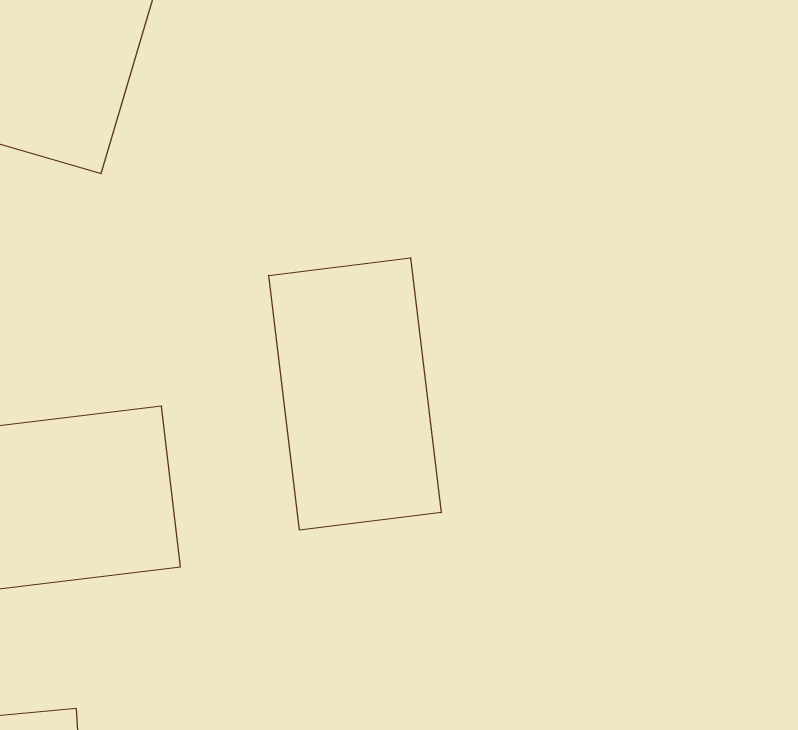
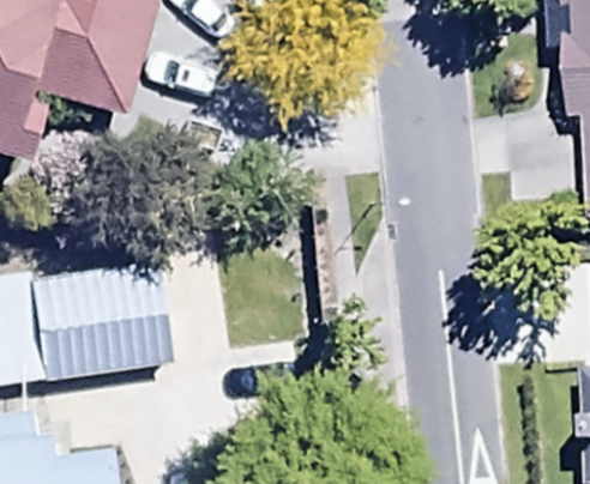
building: [269,258,441,530] -> none

